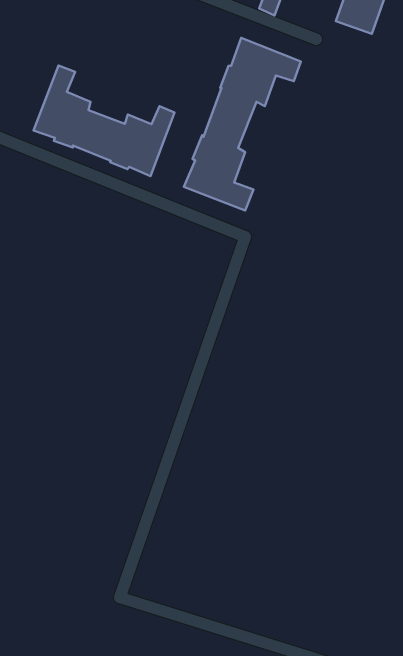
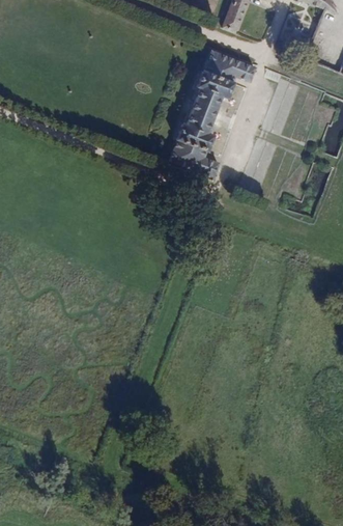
building: [33,66,175,176] -> none

